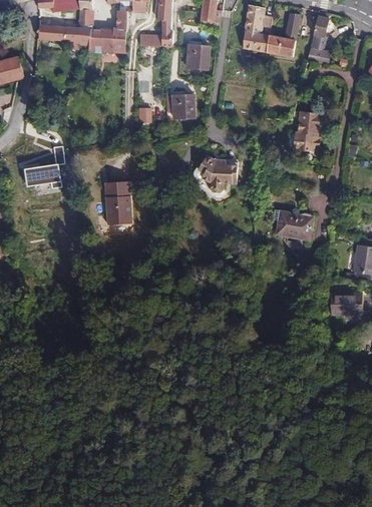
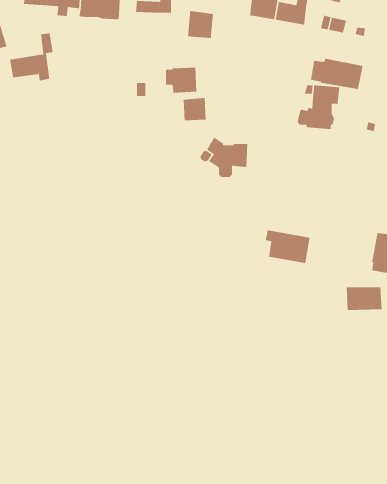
building: none -> [310,58,363,90]
building: none -> [183,97,206,121]
building: [26,144,66,188] -> [9,33,54,81]
building: [103,180,131,224] -> none
building: [273,208,314,239] -> [265,230,310,264]

